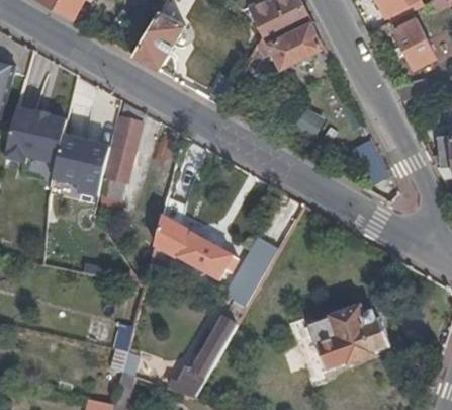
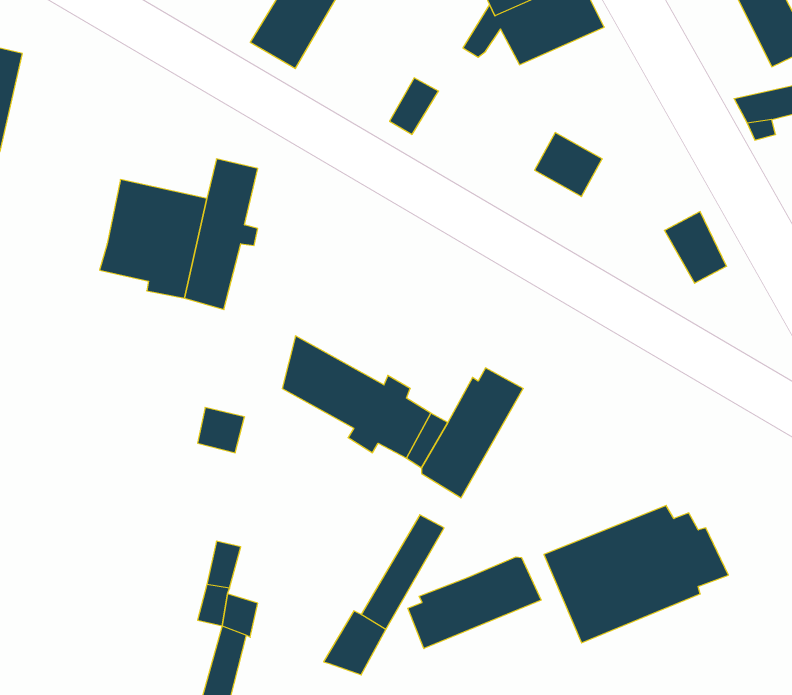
building: [6,108,67,165] -> none
building: none -> [408,557,541,649]

